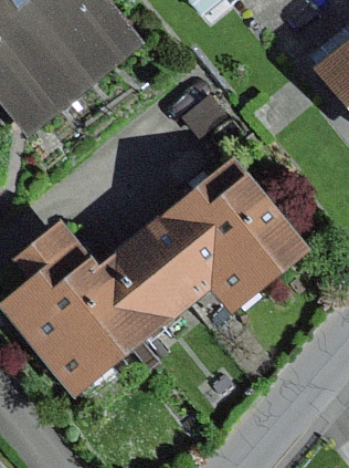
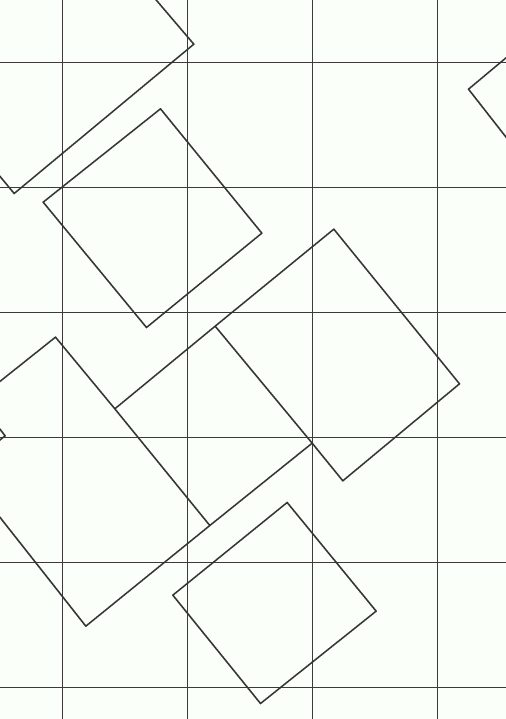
building: none -> [43,109,262,327]
building: none -> [173,502,376,703]

